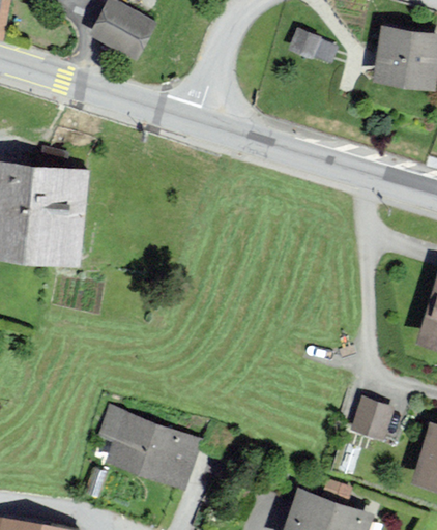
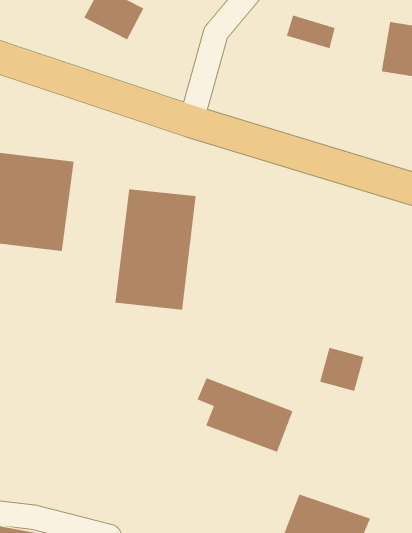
building: none -> [115,188,197,310]
building: [349,398,392,441] -> [319,347,365,392]
building: [101,410,195,482] -> [197,377,294,453]

